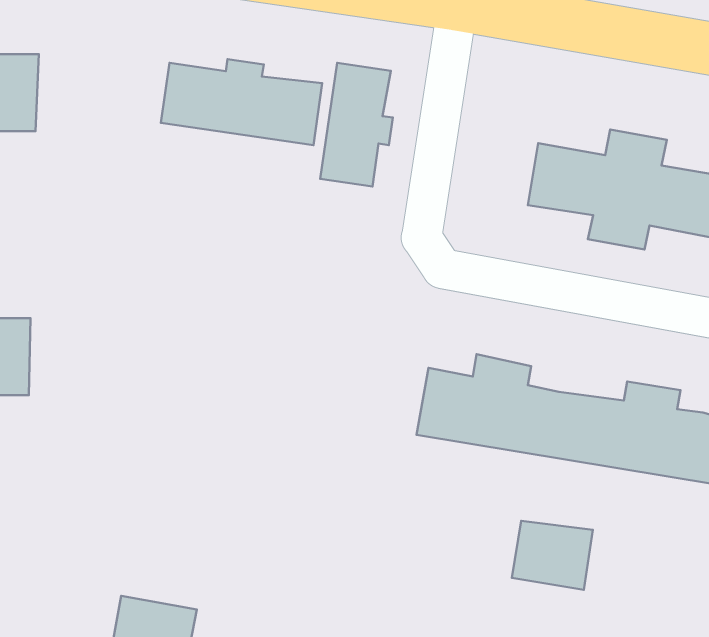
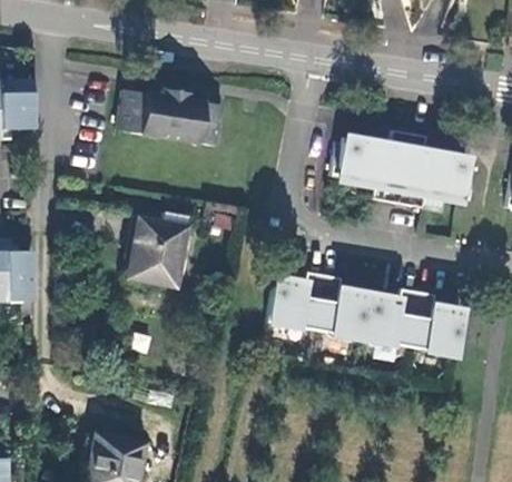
building: [320,63,393,187] -> none
building: none -> [126,214,185,284]
building: [512,521,593,590] -> none

